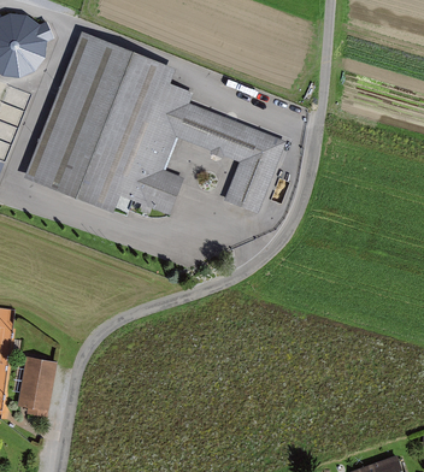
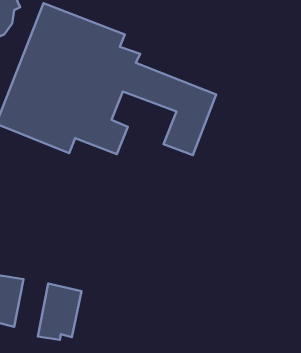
building: none -> [38,283,82,340]

